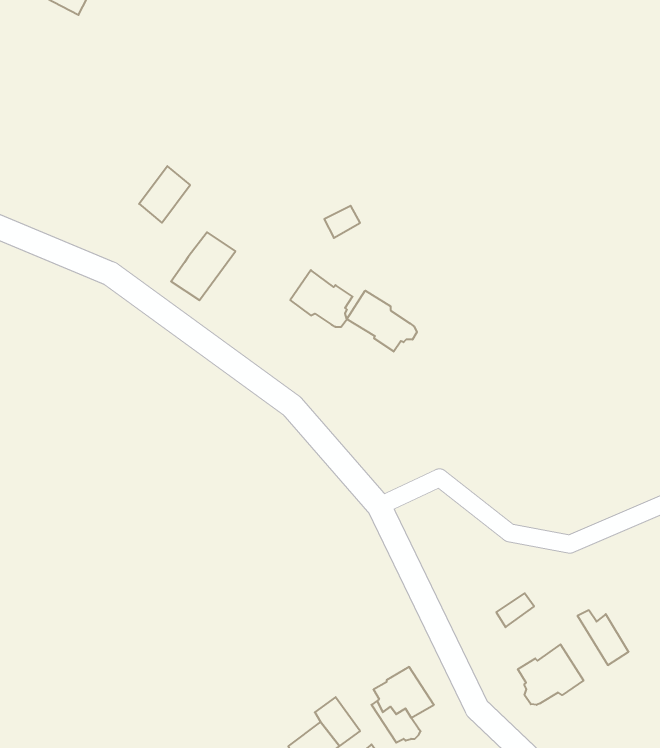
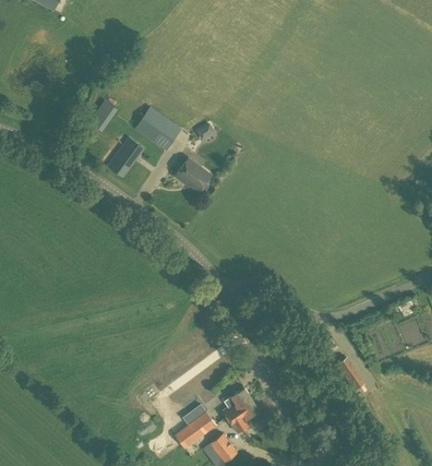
building: none -> [134,105,181,151]
building: [347,291,417,352] -> none
building: [518,644,583,705] -> none

